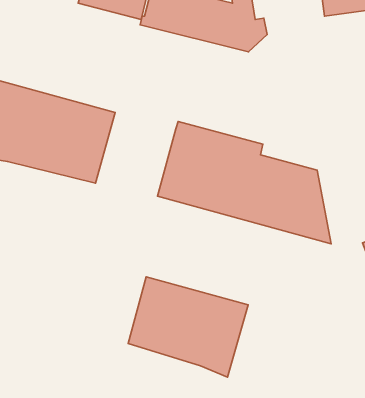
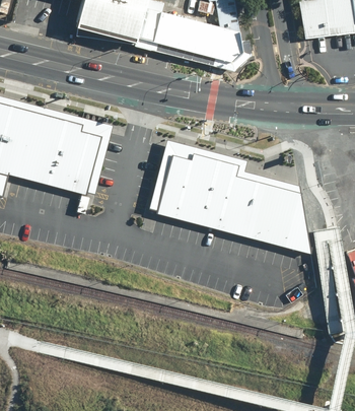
building: [128,277,248,377] -> none

